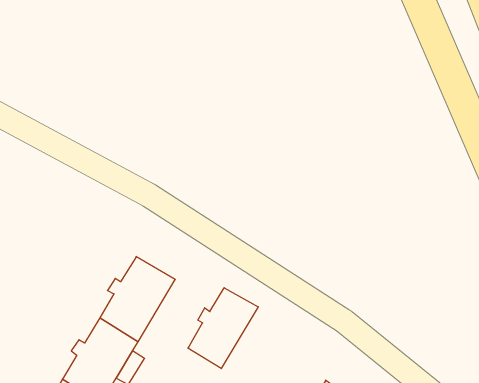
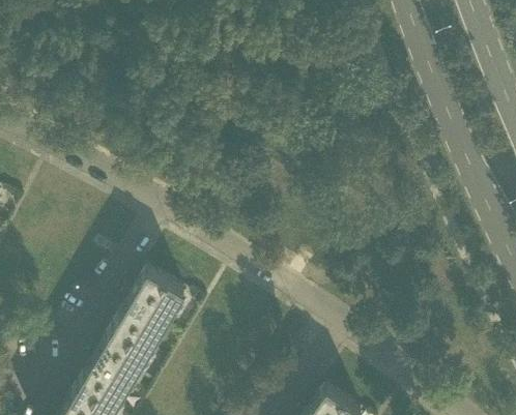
building: [188,288,258,369] -> none

